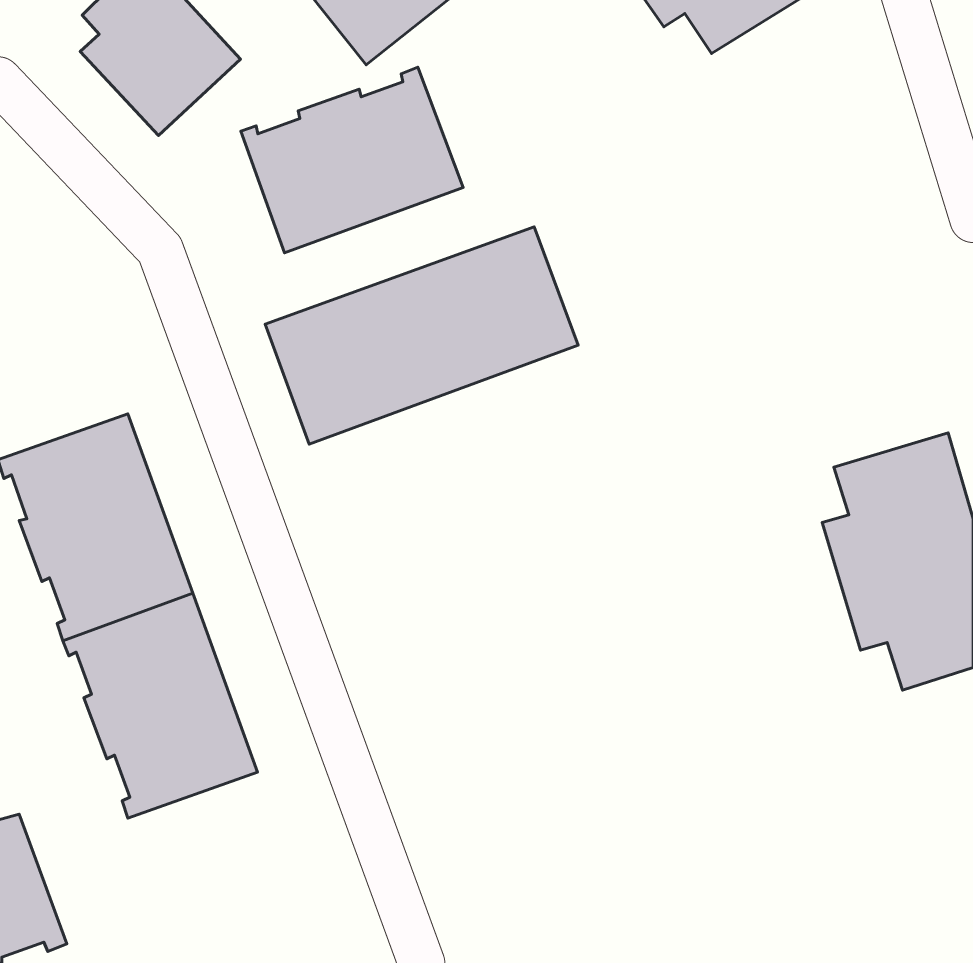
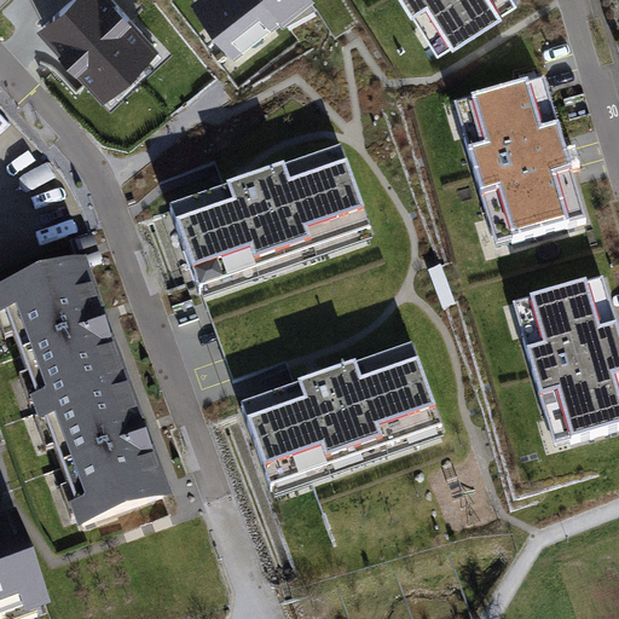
building: [241,67,463,253] -> none
building: none -> [463,76,584,238]
building: none -> [241,341,439,479]

